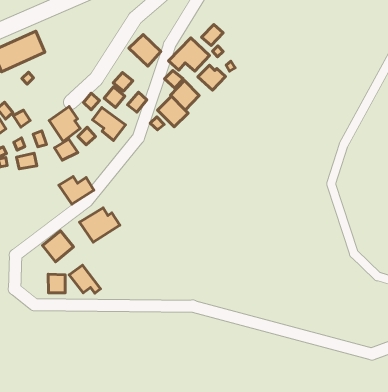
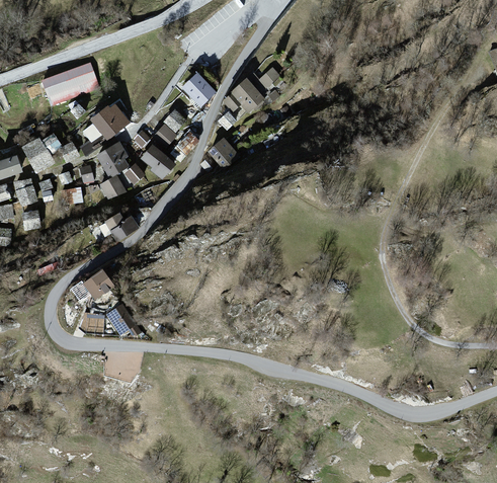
building: [198,65,226,90] -> none
building: none -> [81,104,130,155]
building: [170,81,199,110] -> none
building: [80,208,120,242] -> none

